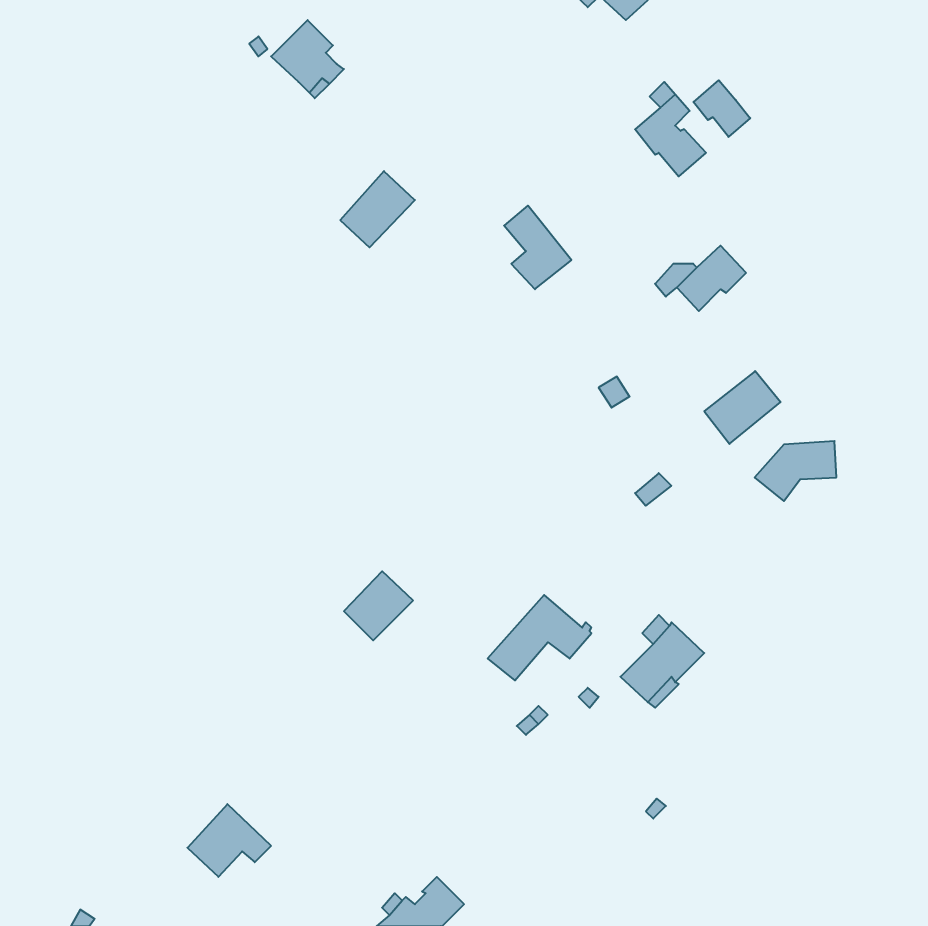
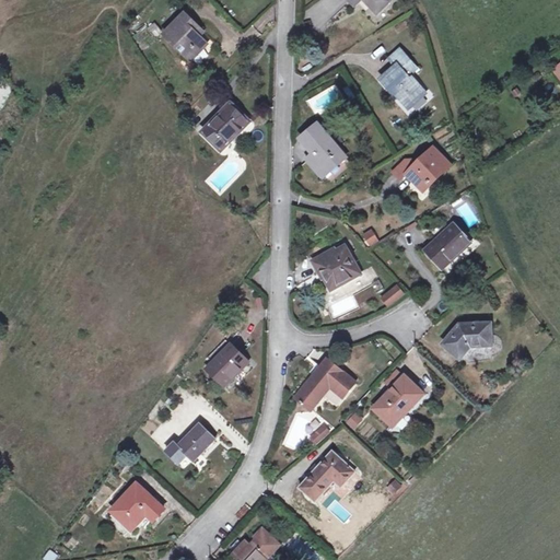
building: [693,80,750,137] -> none
building: none -> [311,244,360,289]
building: [755,441,836,501] -> [442,322,491,358]
building: none -> [165,422,215,468]
building: none -> [299,450,354,501]

